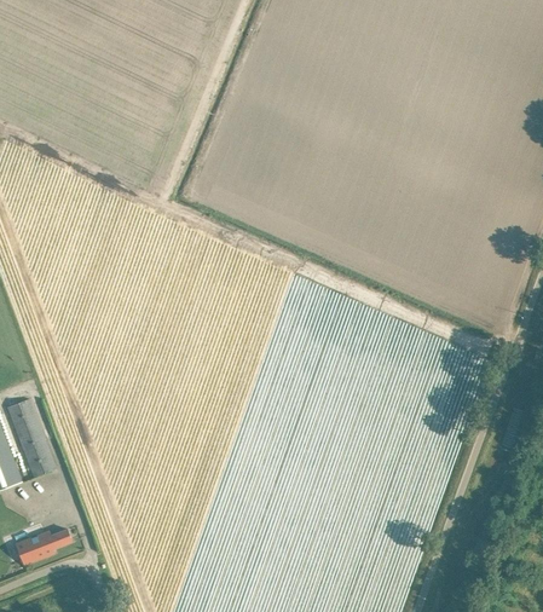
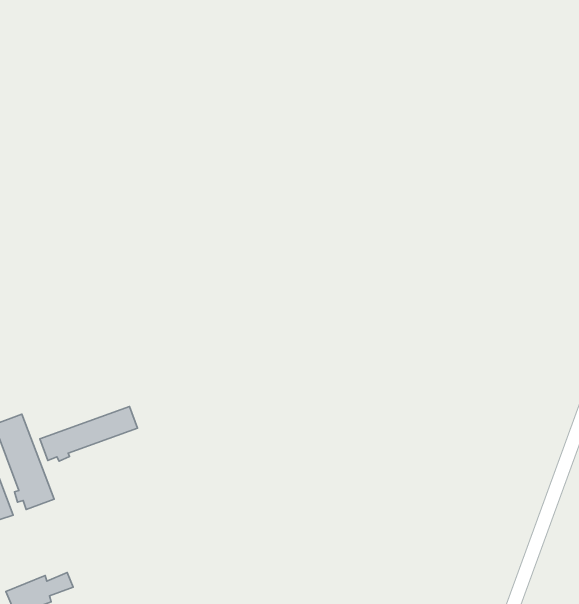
building: none -> [40,406,138,461]

